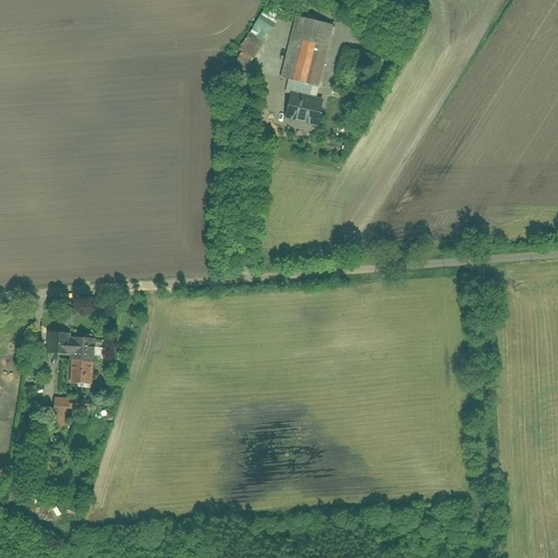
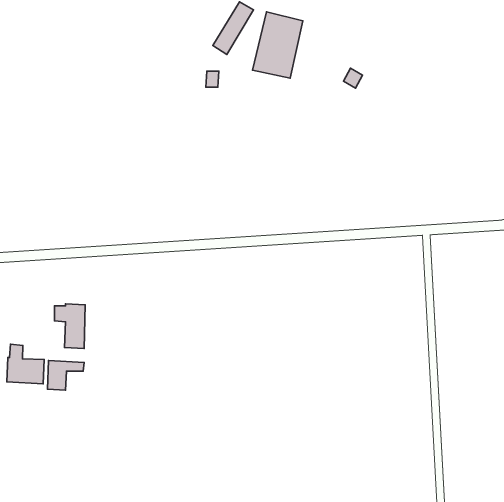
building: [286,92,327,125] -> none
building: none -> [7,344,44,384]

